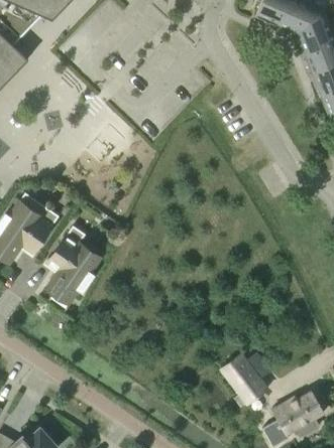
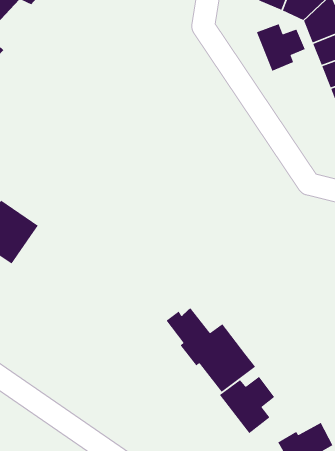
building: none -> [256,23,306,72]
building: [45,225,101,306] -> none
building: none -> [166,307,256,393]

